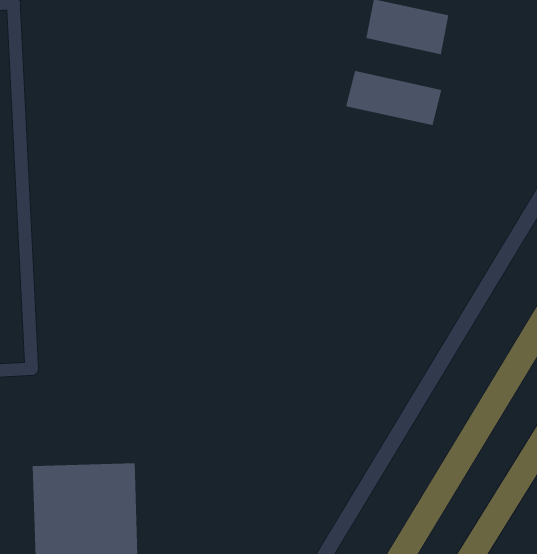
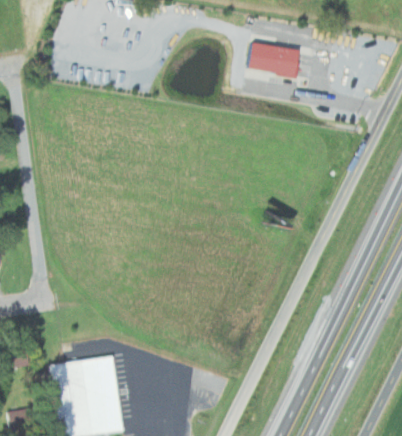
building: [346,70,442,126] -> none

